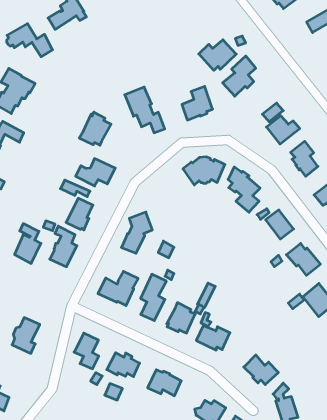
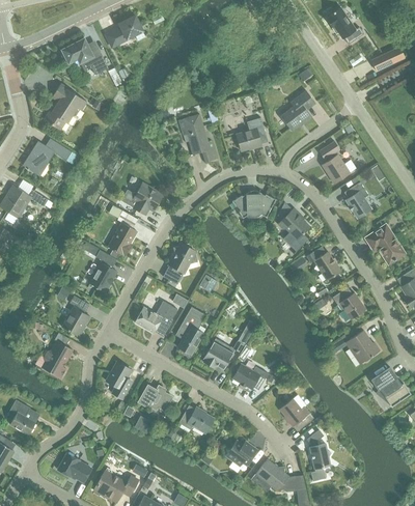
building: [199,40,236,70] -> none
building: [79,112,111,145] -> none
building: [15,224,41,263] -> [61,294,89,336]

